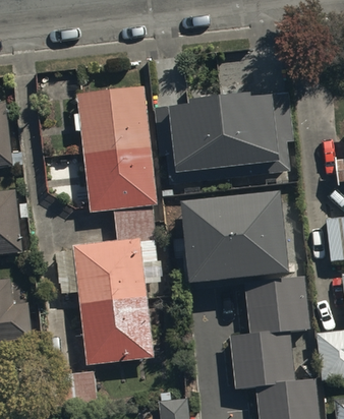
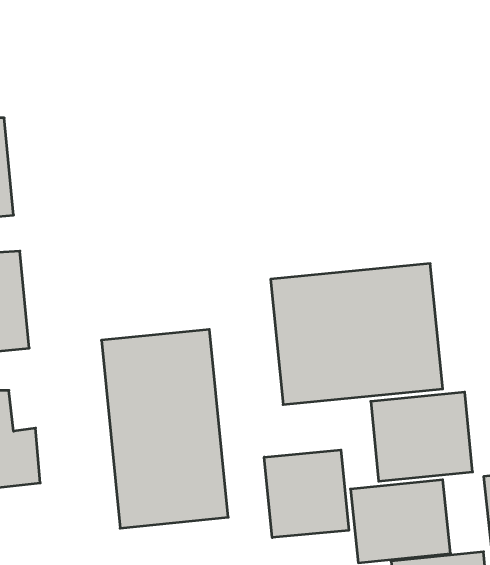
building: [74,82,158,213] -> none
building: [184,82,295,164] -> none
building: none -> [264,450,349,538]

